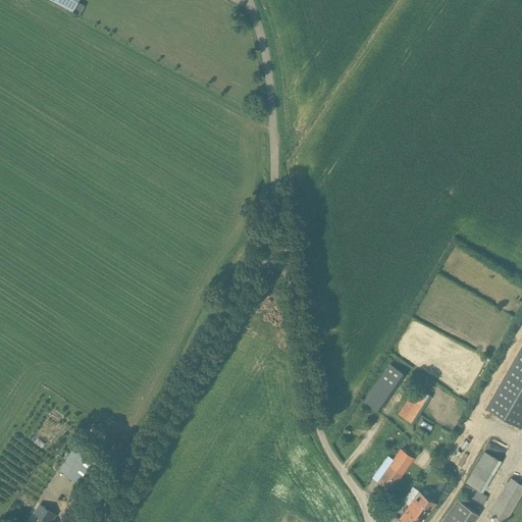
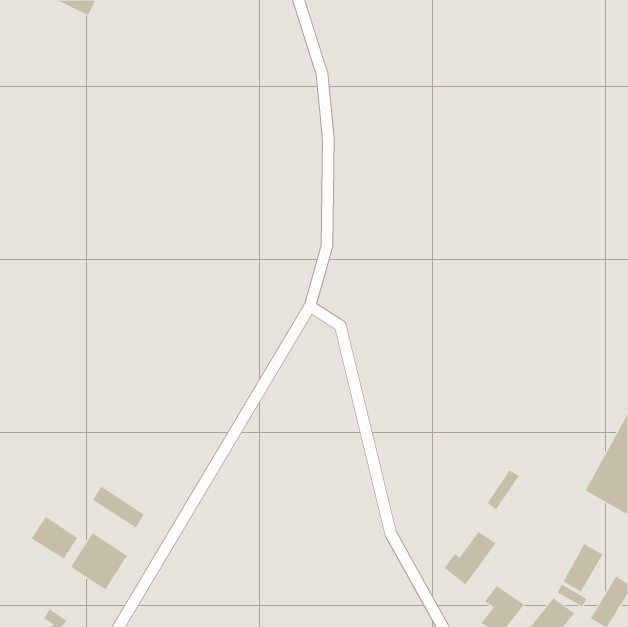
building: [366,366,405,411] -> none
building: none -> [92,486,144,528]
building: none -> [31,516,78,559]

